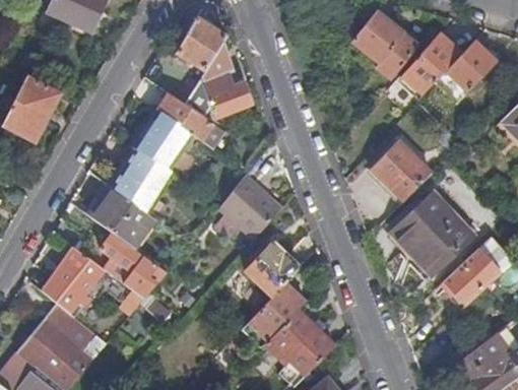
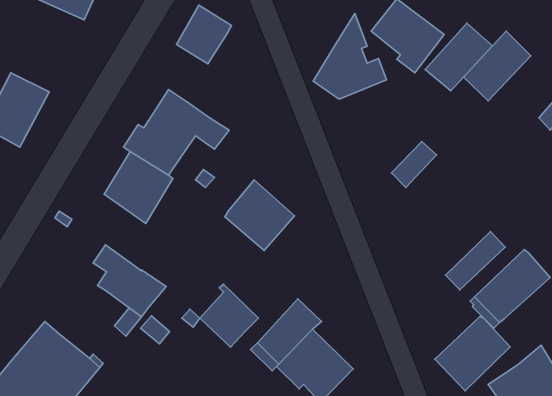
building: [184,43,250,120] -> [313,14,386,99]
building: [383,152,432,201] -> none
building: [88,187,154,248] -> none
building: [391,194,459,261] -> [435,317,510,391]
building: [245,240,298,297] -> [200,284,259,347]
building: [43,247,105,314] -> none

